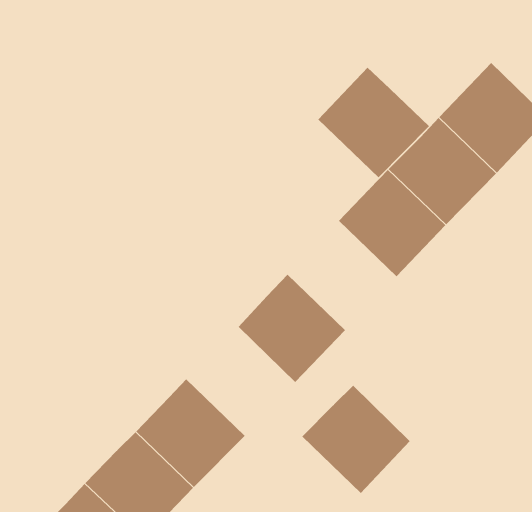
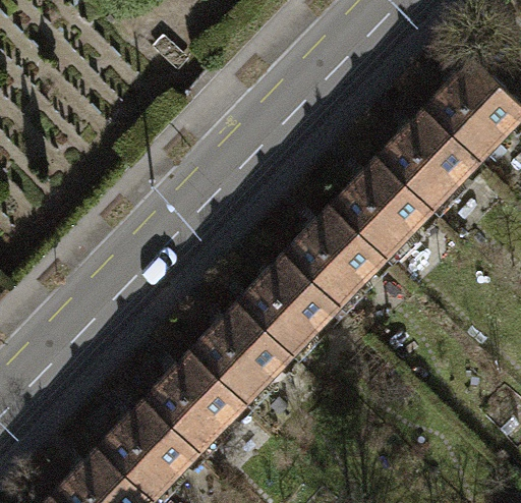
building: [317,67,430,178] -> none
building: none -> [284,207,385,308]
building: [301,385,410,494] -> [190,304,291,405]

